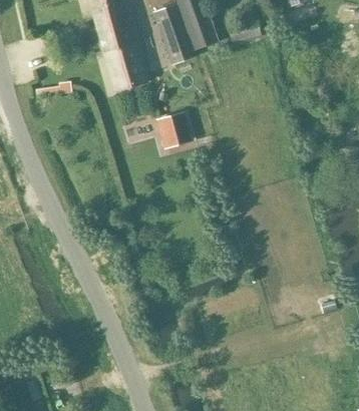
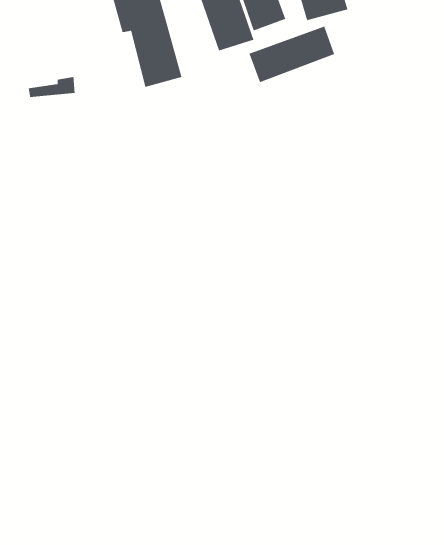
building: none -> [248,26,335,83]
building: [156,112,187,144] -> none

